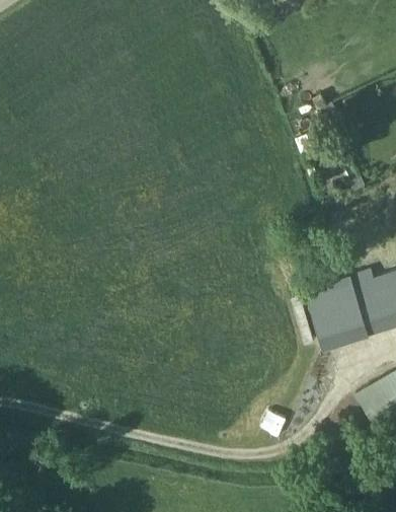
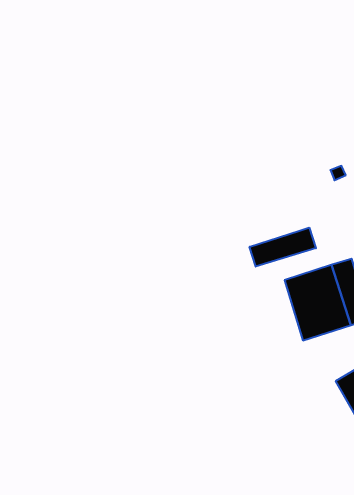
building: none -> [250,228,316,267]

